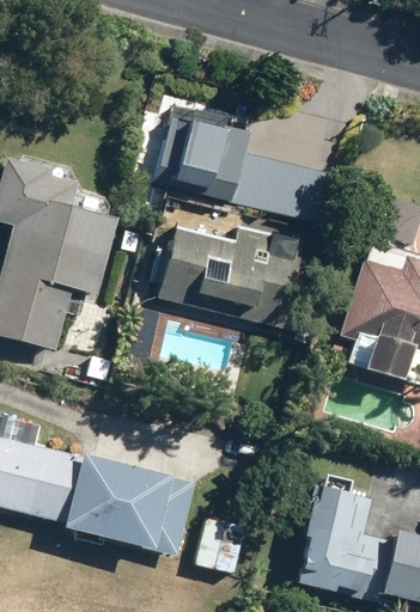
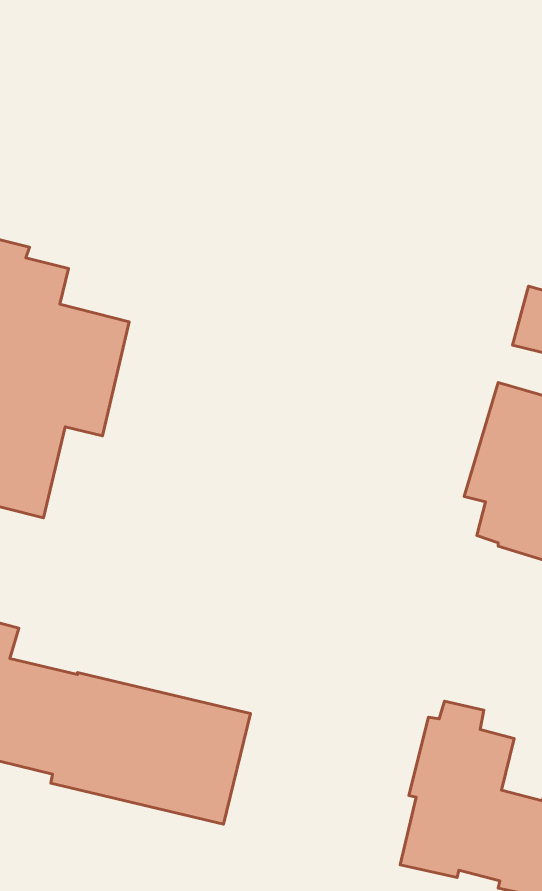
building: [160,104,334,214] -> none
building: [157,225,304,328] -> none

